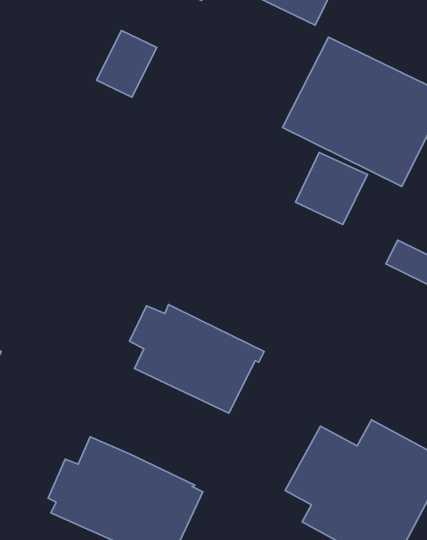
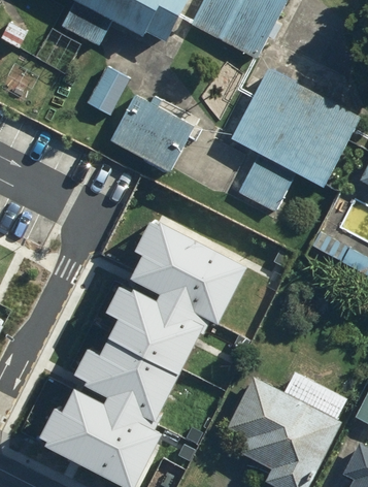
building: none -> [107,98,188,173]
building: none -> [136,216,252,322]
building: none -> [78,330,185,422]

